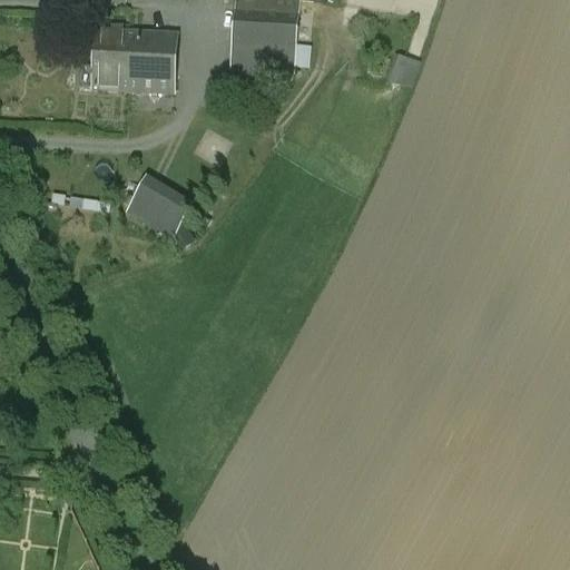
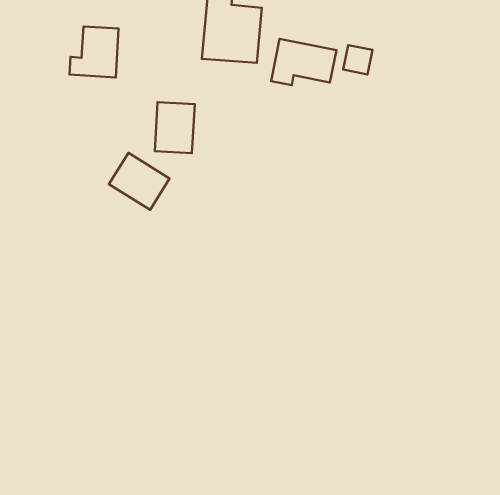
building: [131,32,177,90] -> [155,102,195,153]
building: none -> [271,39,337,85]

